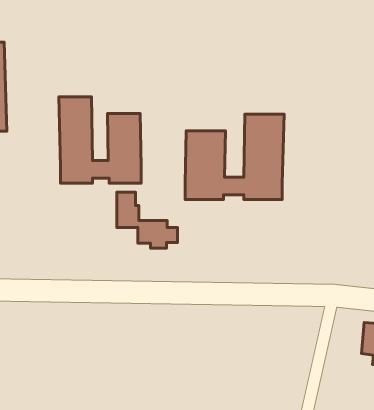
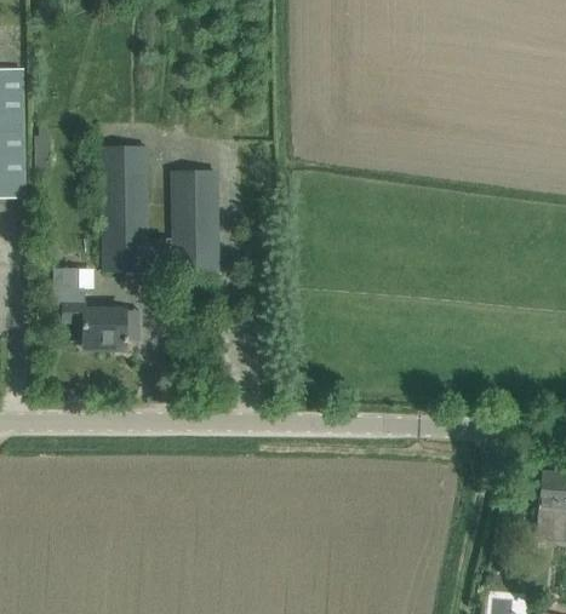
building: [185,114,284,200] -> none
building: [117,192,177,248] -> [52,269,139,350]

